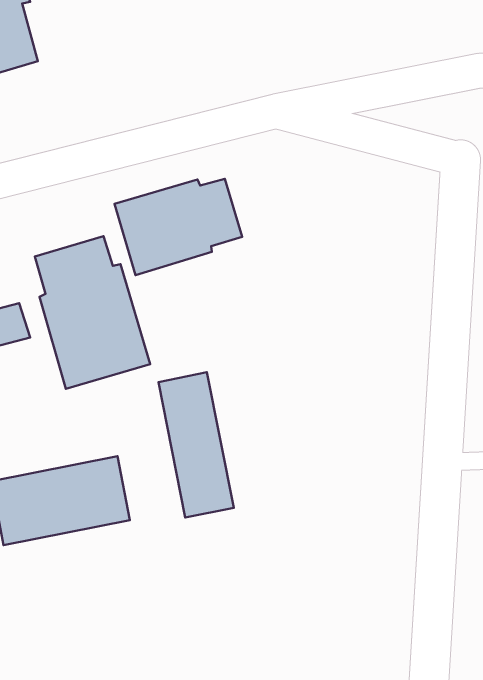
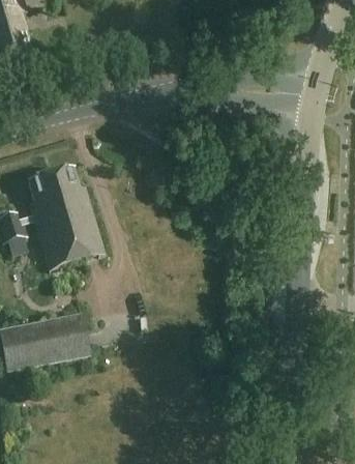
building: [115,179,242,275] -> none
building: [159,372,234,518] -> none

